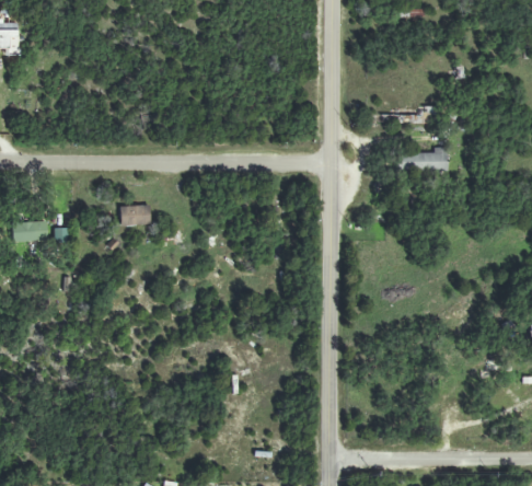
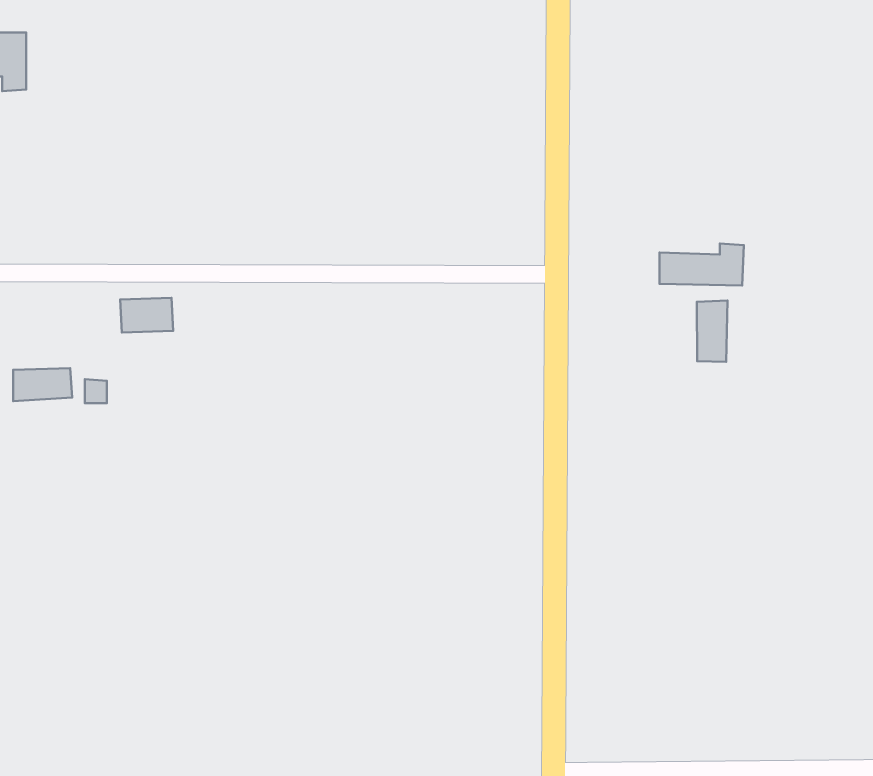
building: none -> [697,301,728,362]
building: [119,205,151,225] -> [120,298,173,333]

